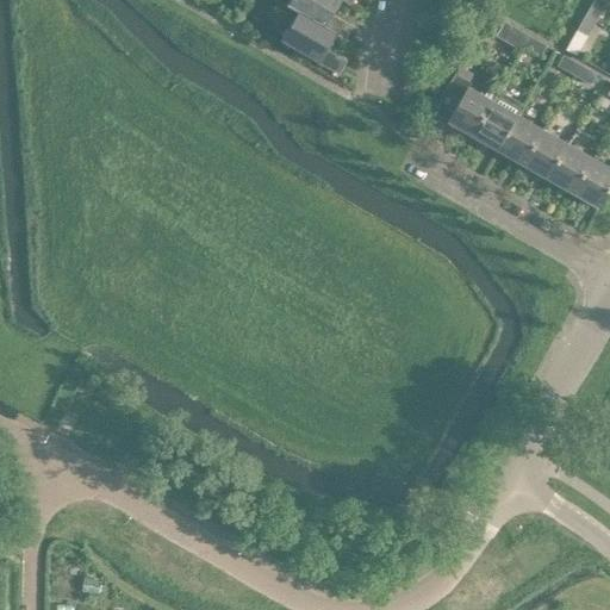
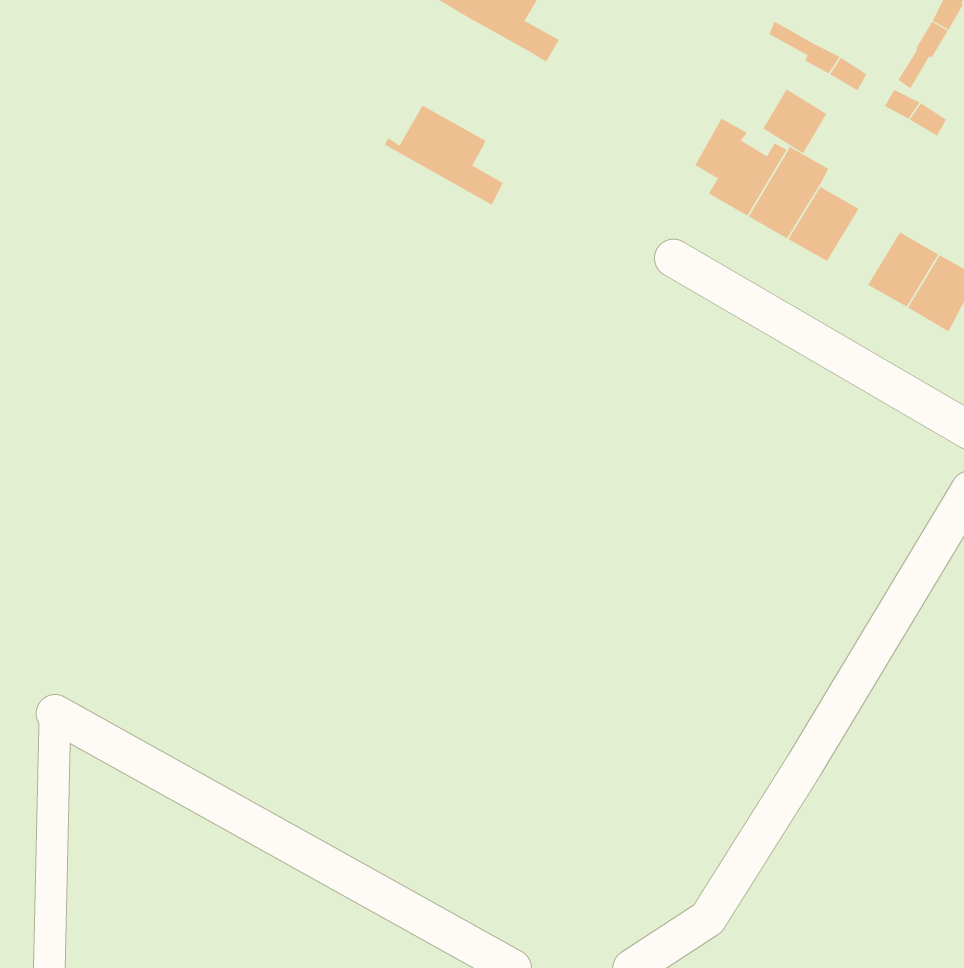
building: [273,11,348,74] -> [384,105,504,205]
building: none -> [763,88,827,154]
building: [523,131,568,179] -> none

